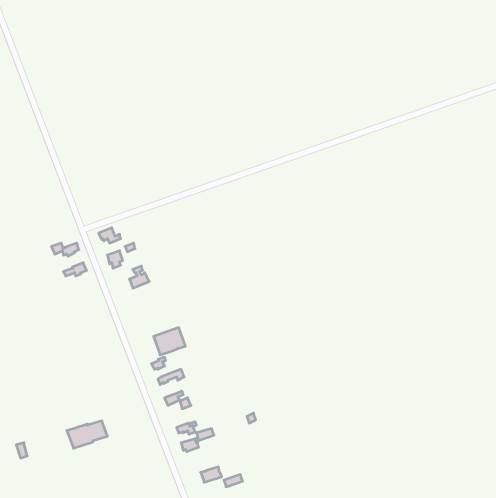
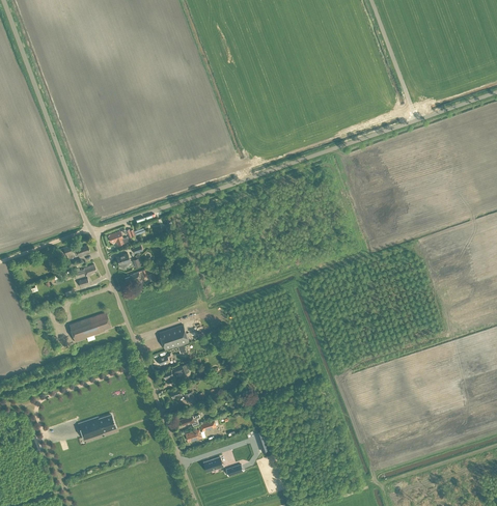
building: none -> [68,312,110,341]

